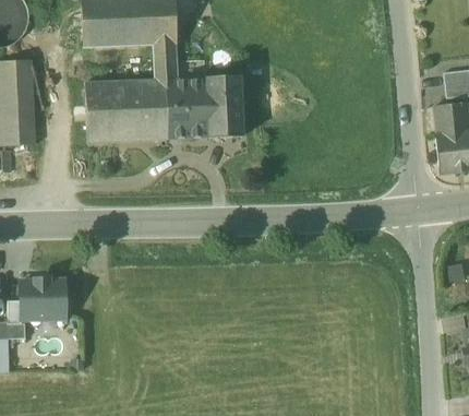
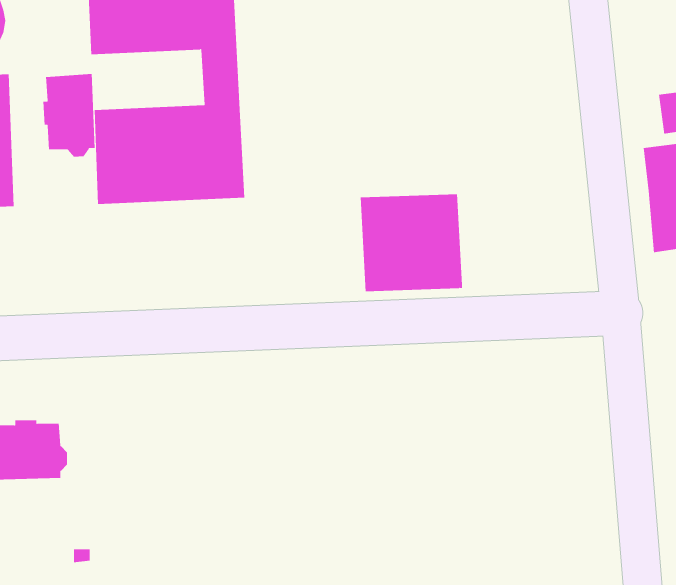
building: none -> [43,73,95,157]
building: [178,75,243,138] -> [360,194,463,292]

